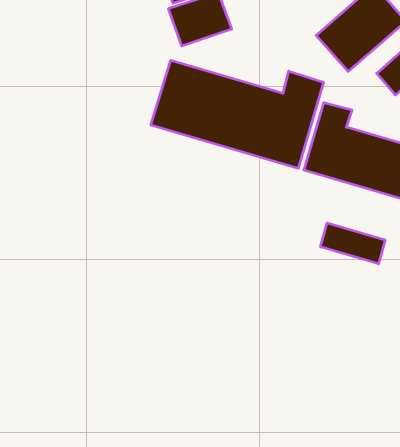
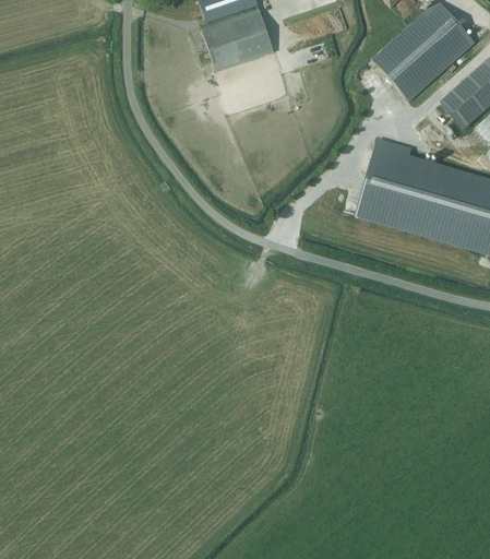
building: [151,60,323,168] -> none
building: [321,223,385,264] -> none

